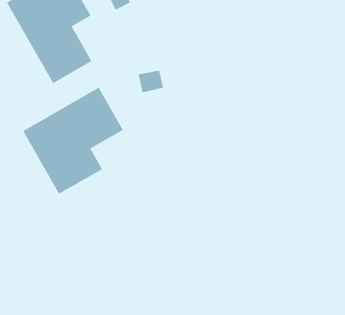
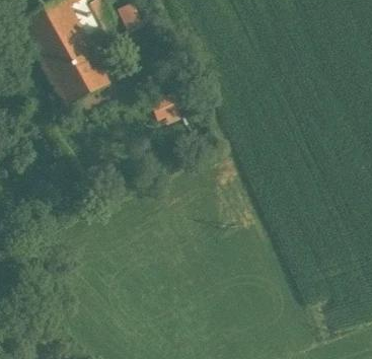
building: [23,87,124,195] -> none

